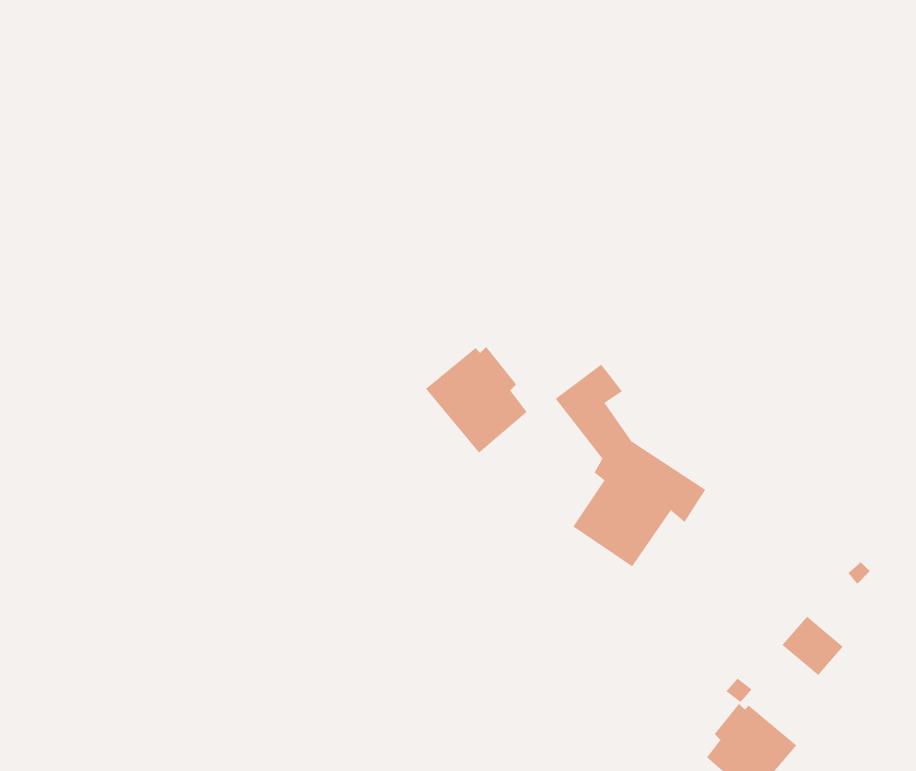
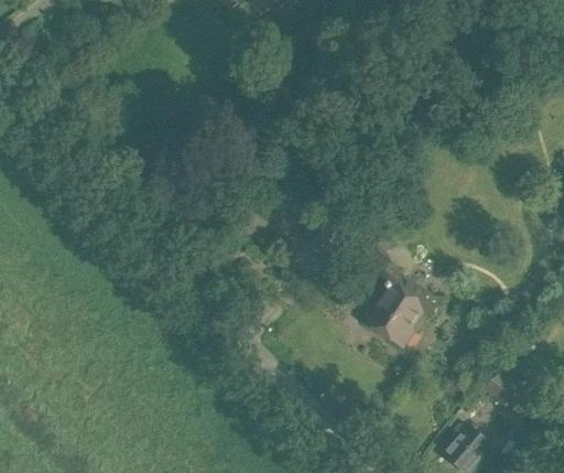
building: [425,346,528,454] -> none

